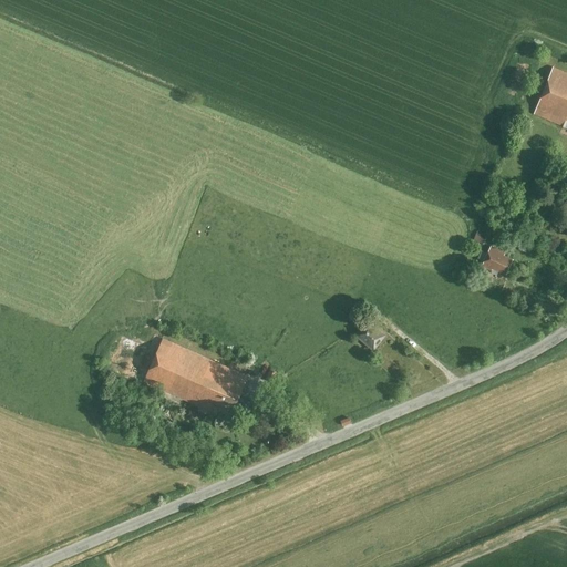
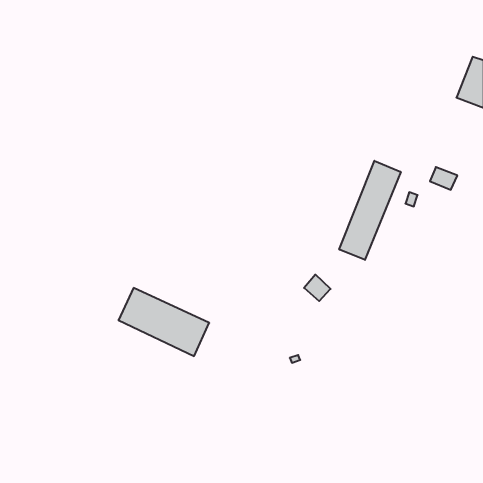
building: none -> [339,161,401,260]
building: [484,249,516,276] -> [430,167,457,190]

